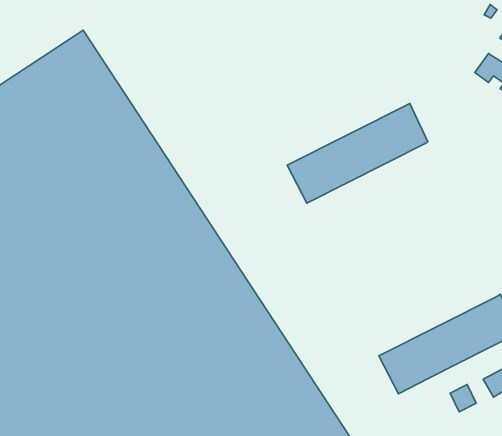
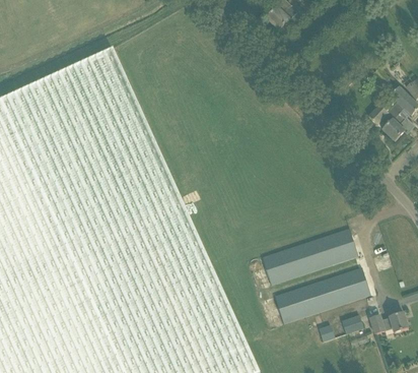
building: [287,103,428,203] -> [261,229,357,285]

